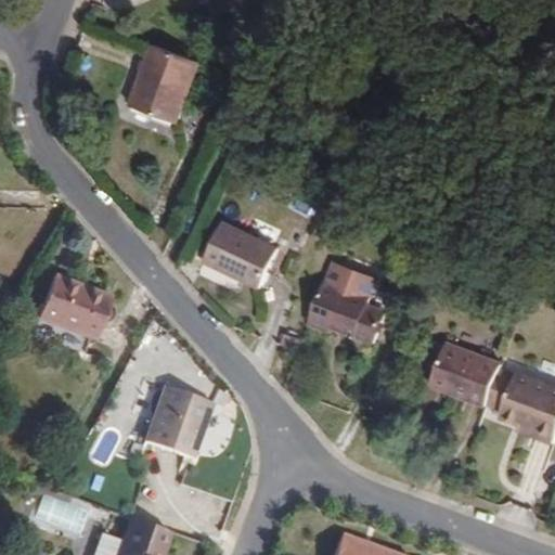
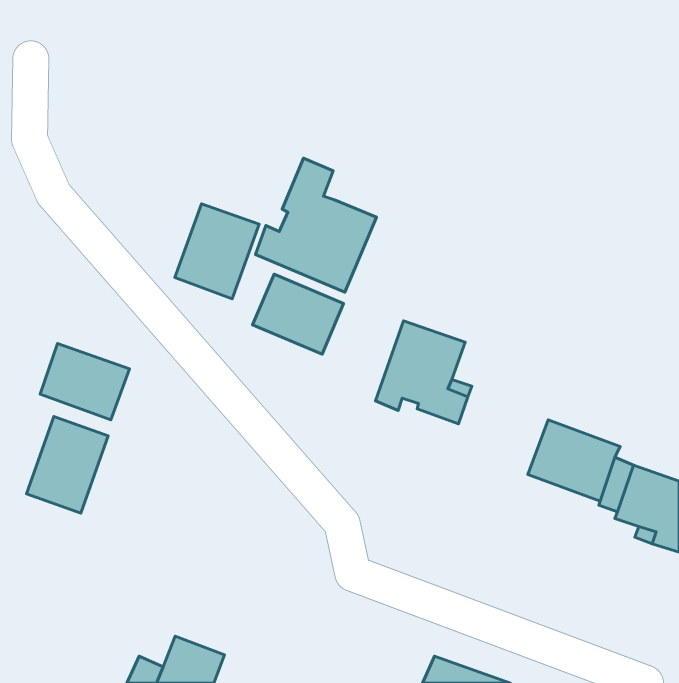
building: [139,39,207,116] -> [175,204,259,299]
building: none -> [255,158,377,292]
building: none -> [26,416,108,513]
building: [141,386,206,456] -> none

